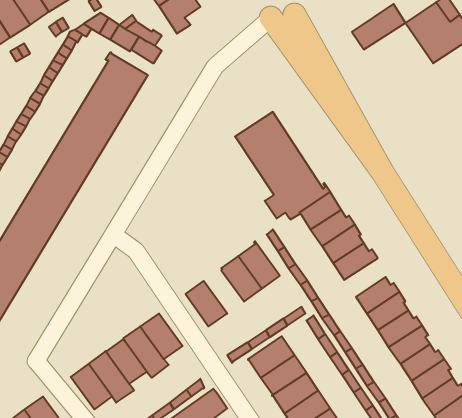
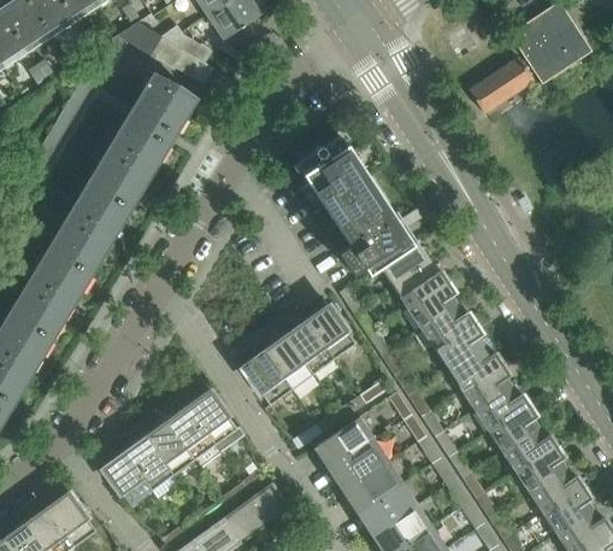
building: [352,4,405,49] -> [468,58,534,113]
building: none -> [434,322,484,369]
building: none -> [263,335,312,389]

